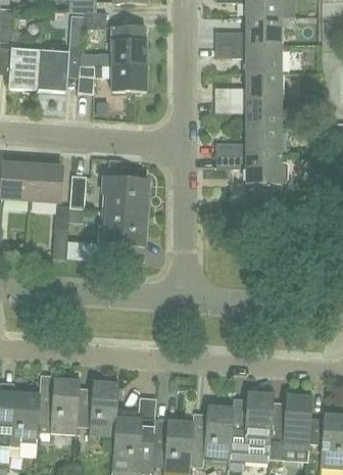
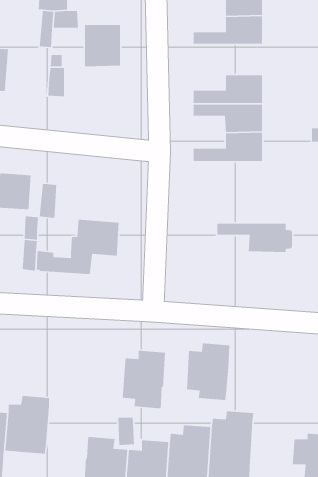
building: [215,44,282,73] -> none
building: [38,48,69,92] -> none
building: [100,64,147,91] -> none
building: [215,155,288,184] -> [217,223,293,253]
building: [103,177,149,212] -> none
building: [77,380,118,436] -> [122,350,166,409]
building: [271,394,312,449] -> [186,343,230,401]

